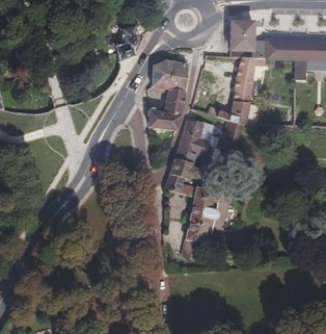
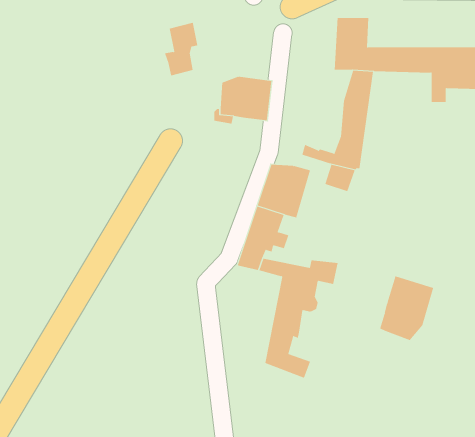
building: [148,91,185,131] -> none
building: none -> [379,275,434,341]

